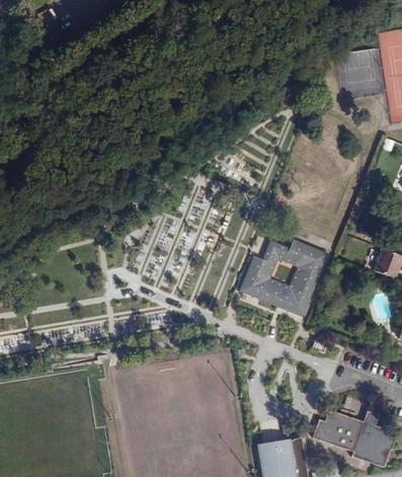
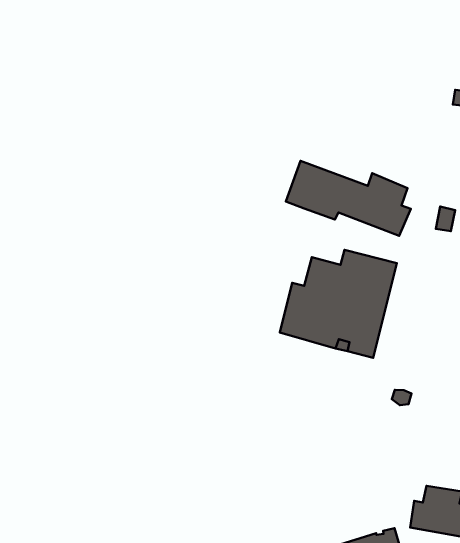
building: none -> [286,161,411,236]

